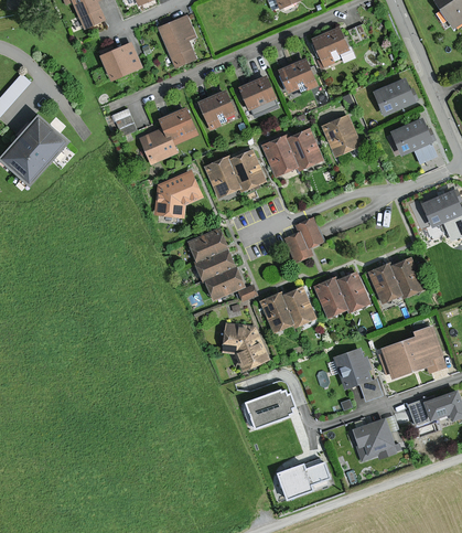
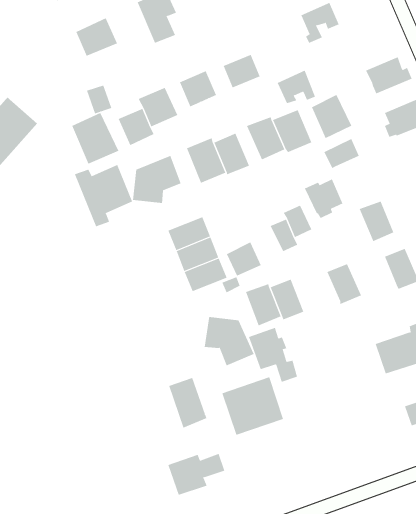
building: [279,58,315,90] -> [277,70,316,104]
building: none -> [72,112,119,165]
building: none -> [323,138,359,169]
building: none -> [74,164,133,227]
building: none -> [304,179,343,219]
building: none -> [226,242,261,277]
building: [368,263,401,301] -> [359,201,394,242]
building: [313,277,348,317] -> none
building: [334,348,380,399] -> [248,327,298,383]
building: none -> [169,377,207,429]
building: [345,417,400,465] -> none
building: [278,461,332,501] -> [168,453,225,495]

